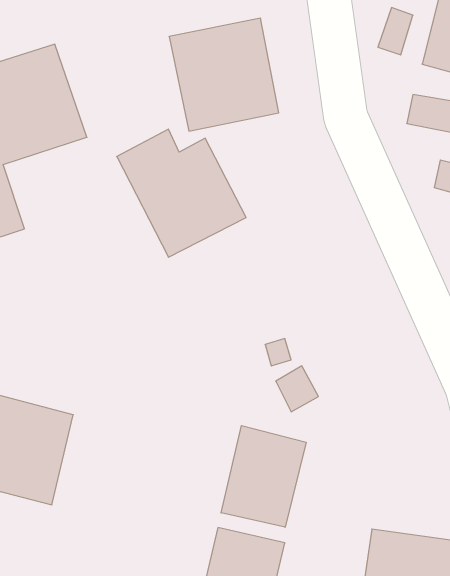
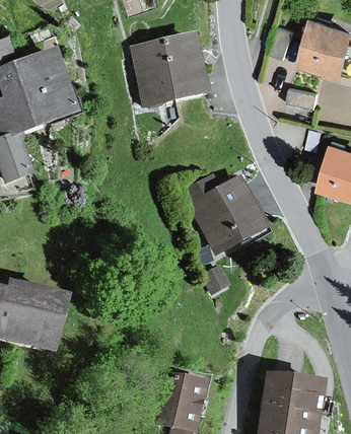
building: [117,129,246,257] -> [180,171,266,257]
building: [221,426,306,527] -> none

